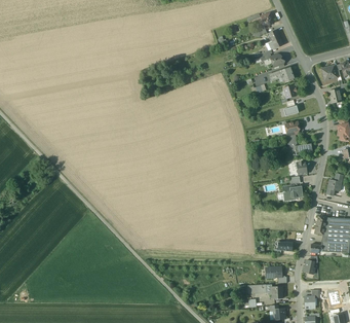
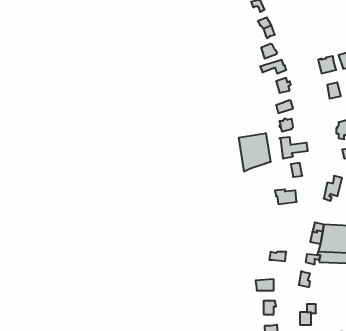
building: none -> [239,133,271,172]

